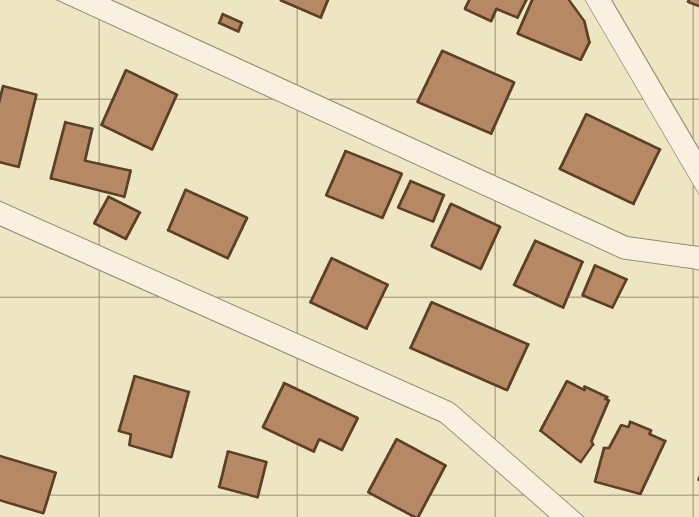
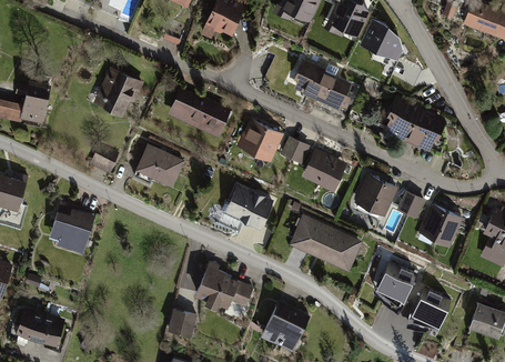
building: none -> [168,94,226,137]
building: [51,122,130,197] -> none
building: none -> [420,203,464,245]
building: [119,376,189,457] -> [50,203,94,254]

